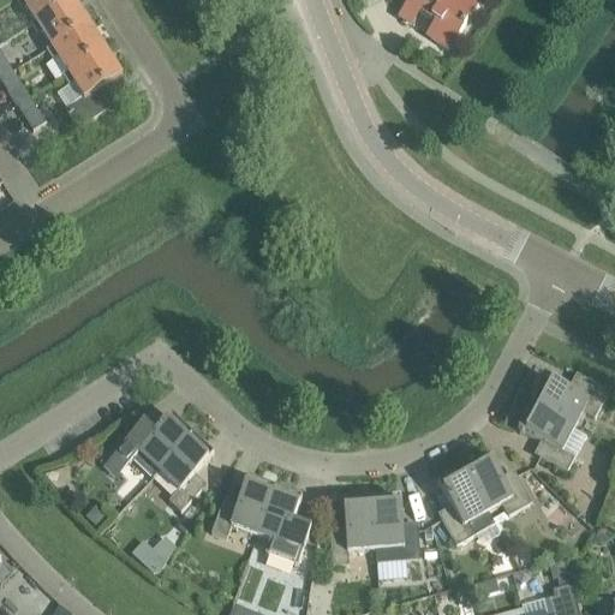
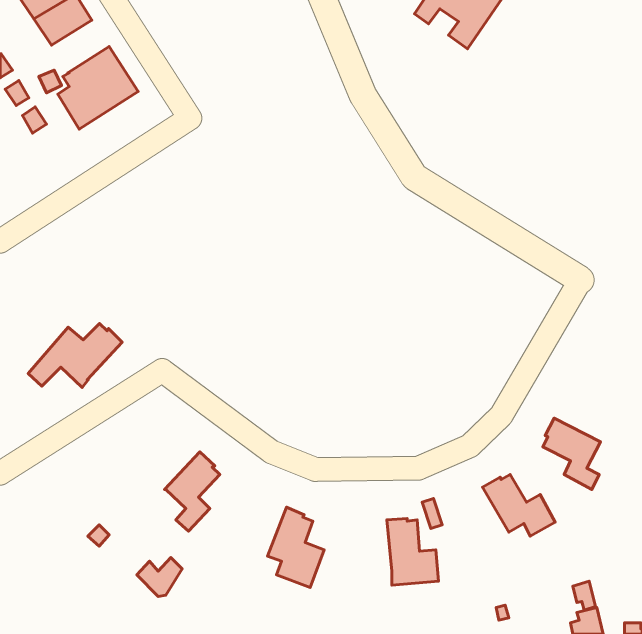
building: [43,19,105,70] -> none
building: [530,374,608,423] -> none
building: [101,414,191,476] -> [28,323,122,387]
building: [437,466,486,543] -> none
building: [210,478,274,536] -> none
building: [329,497,375,563] -> none

